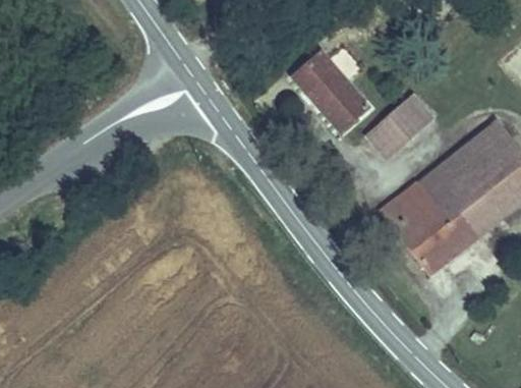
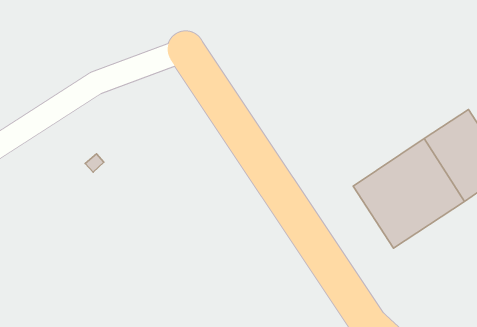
building: [294,51,370,130] -> none
building: [365,95,433,161] -> none

